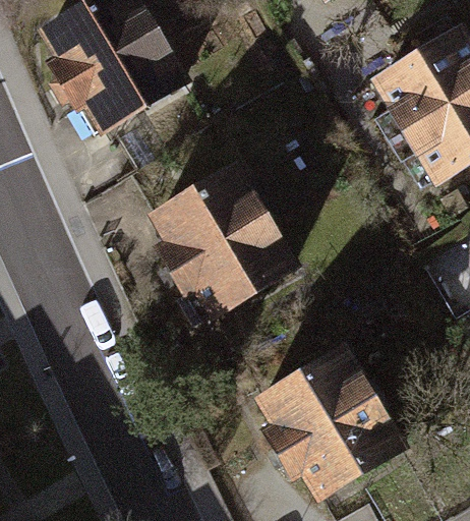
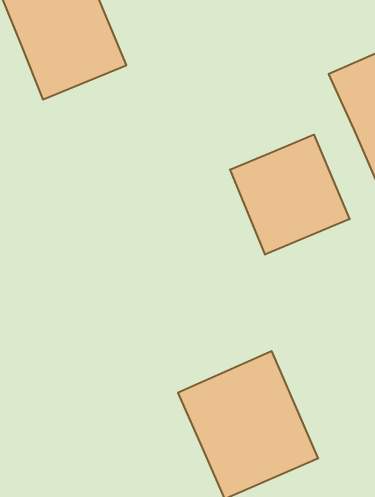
building: none -> [230,135,350,255]
building: [150,169,286,314] -> none

